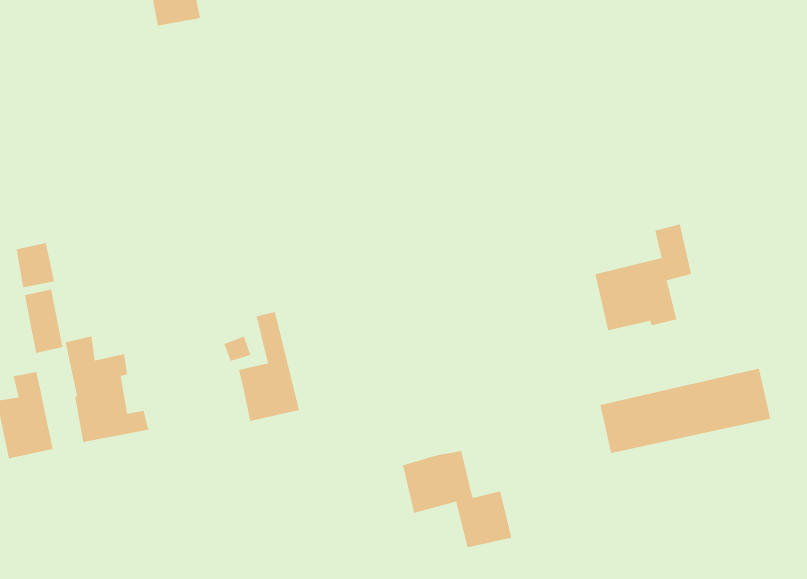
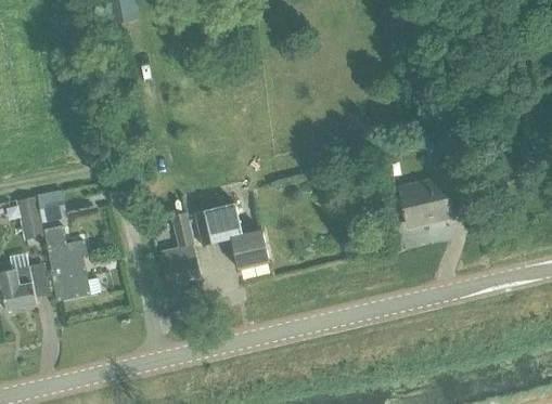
building: [16,243,55,288] -> [39,195,65,225]
building: [600,368,771,454] -> none
building: [402,450,512,548] -> [195,204,269,269]

